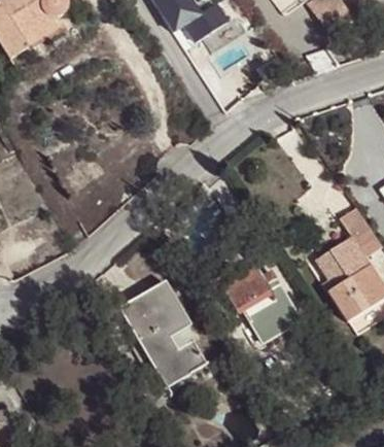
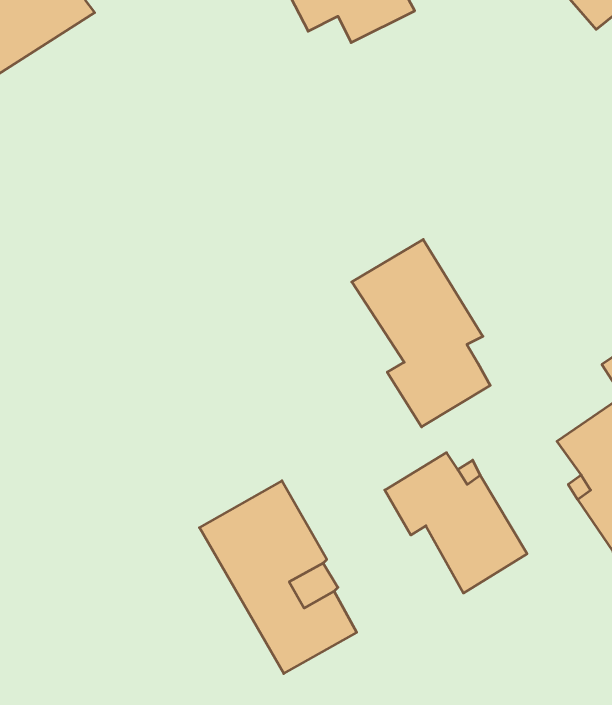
building: none -> [352,239,490,427]

